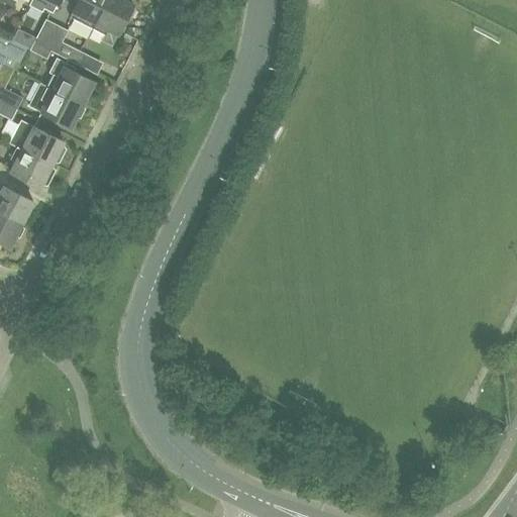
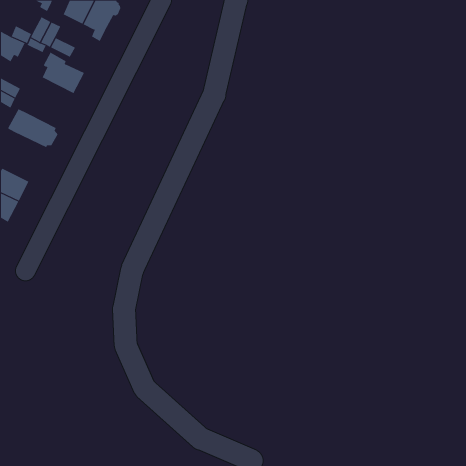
building: [31,86,82,127] -> none
building: [9,146,54,187] -> none

